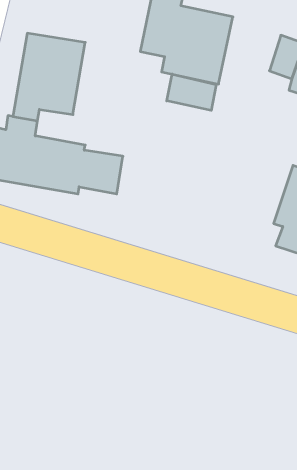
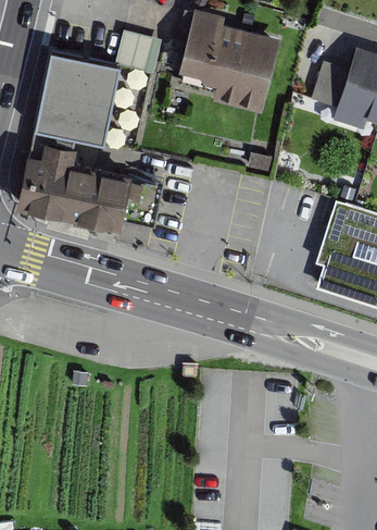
building: none -> [116,33,155,73]
building: [167,74,216,110] -> none

